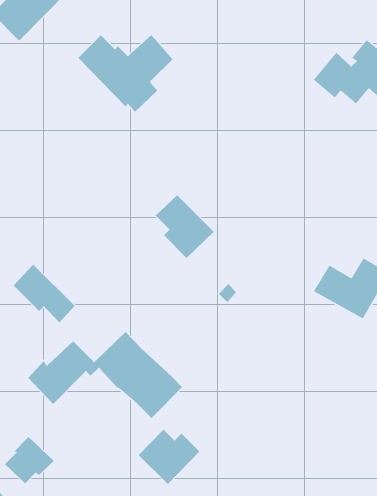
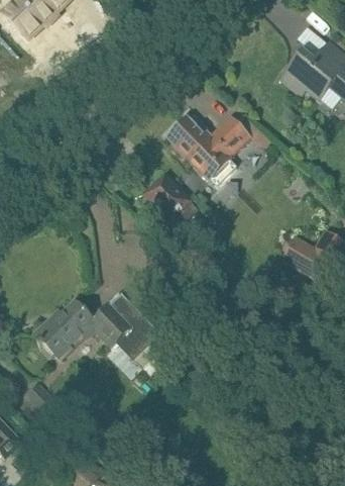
building: [78,35,173,113] -> [167,115,250,183]
building: [13,264,75,323] -> none
building: [138,429,200,485] -> none

